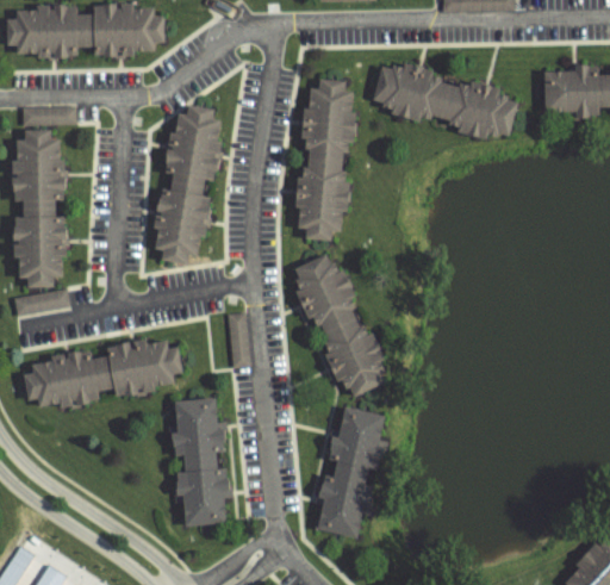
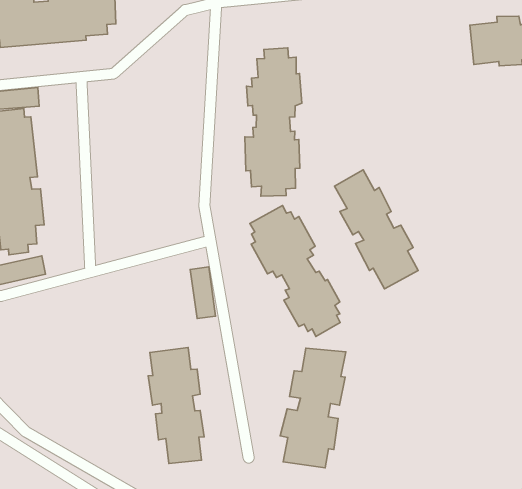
building: [374,64,521,139] -> none
building: [144,102,218,265] -> none
building: none -> [335,170,418,289]
building: [21,338,185,406] -> none

